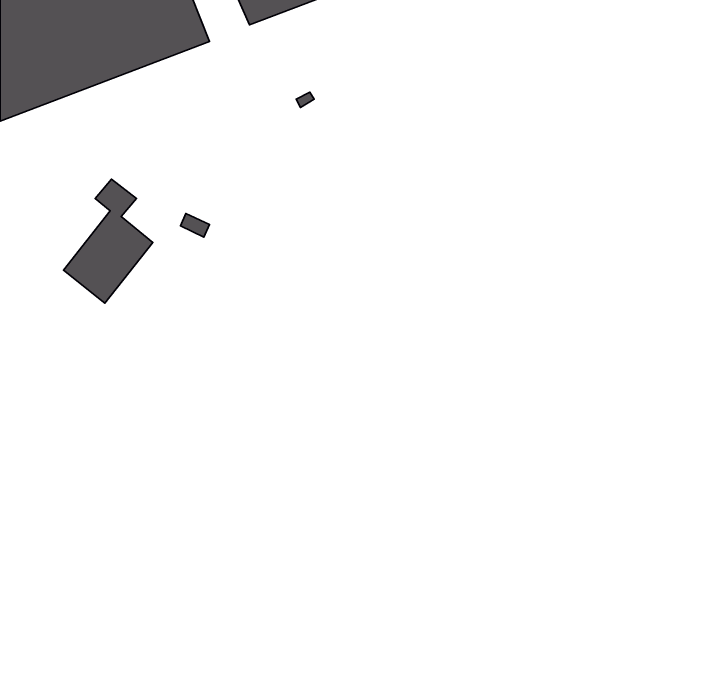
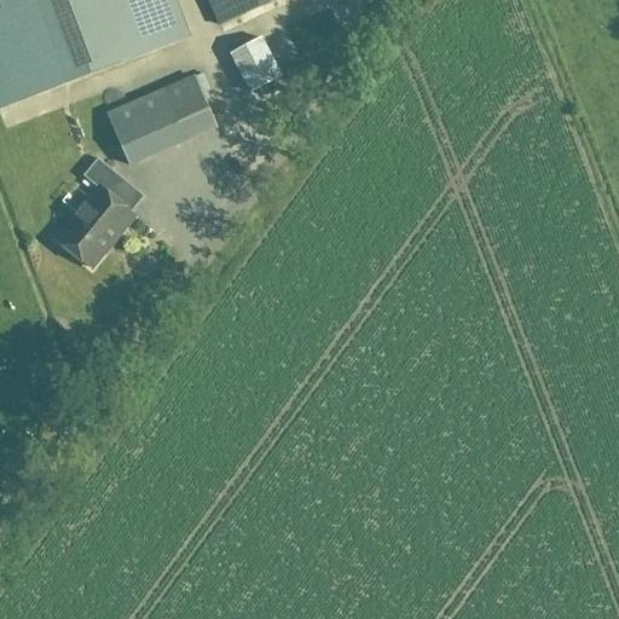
building: none -> [231,36,279,89]
building: none -> [108,71,216,163]

